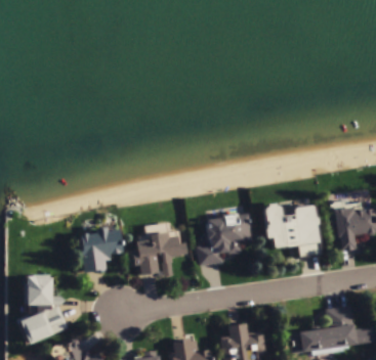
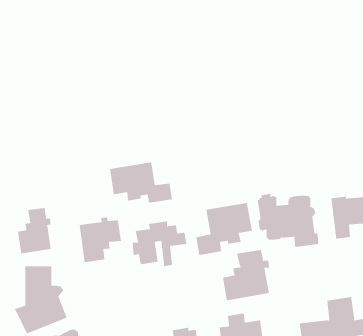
building: none -> [109,162,173,204]
building: none -> [18,207,51,254]
building: none -> [222,249,270,301]

